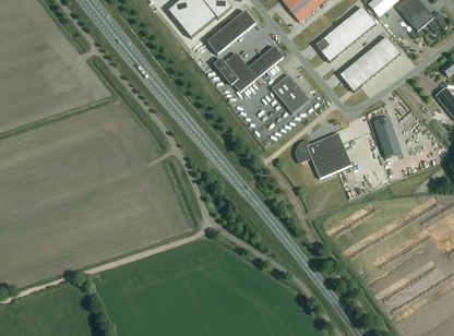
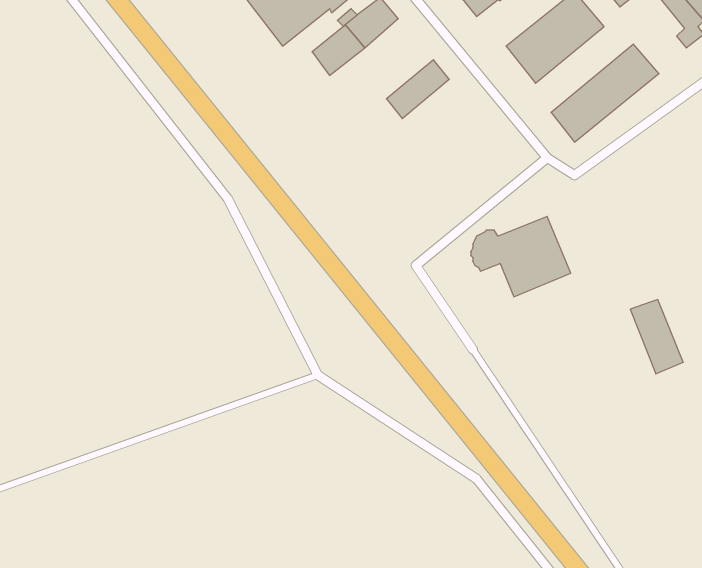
building: [215,51,258,92] -> none
building: [272,73,310,112] -> none
building: [372,115,402,156] -> [630,300,683,374]

